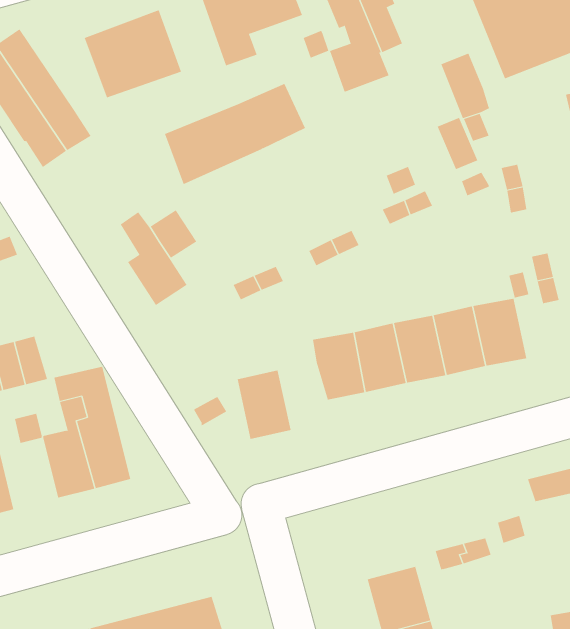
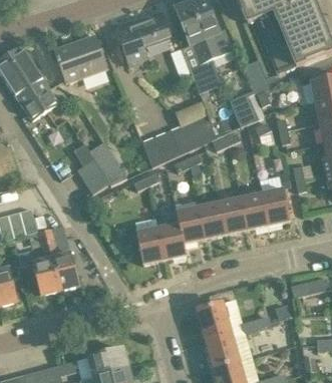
building: [164,83,306,185] -> [141,112,217,166]
building: none -> [157,223,187,259]
building: none -> [197,302,231,338]

